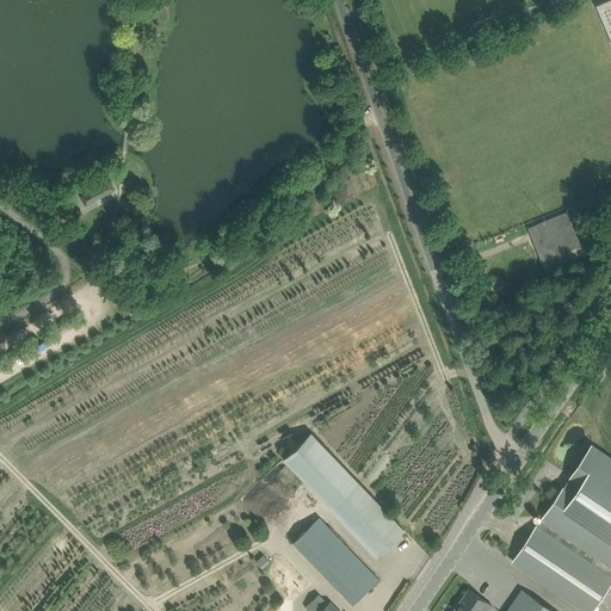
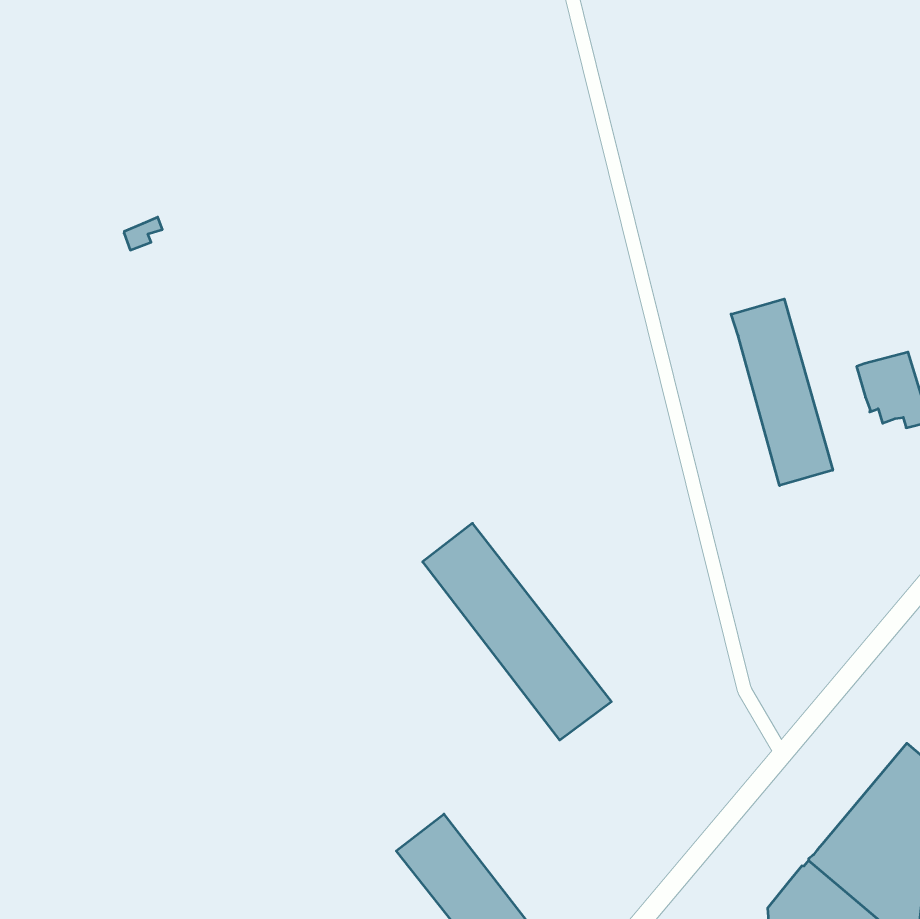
building: none -> [731,299,833,486]
building: [283,434,405,558] -> [423,523,611,740]

